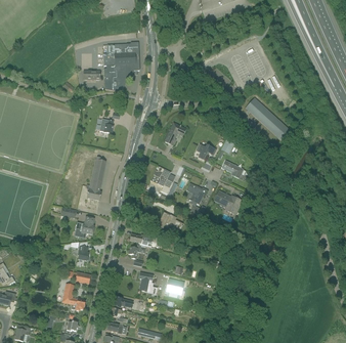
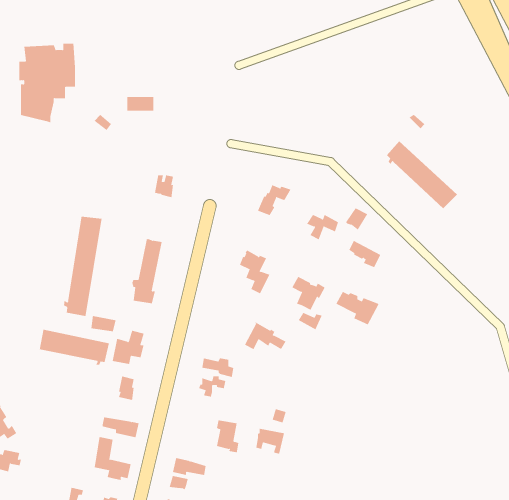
building: [103,42,139,92] -> [19,43,76,123]
building: none -> [64,216,102,317]
building: none -> [39,329,109,366]

